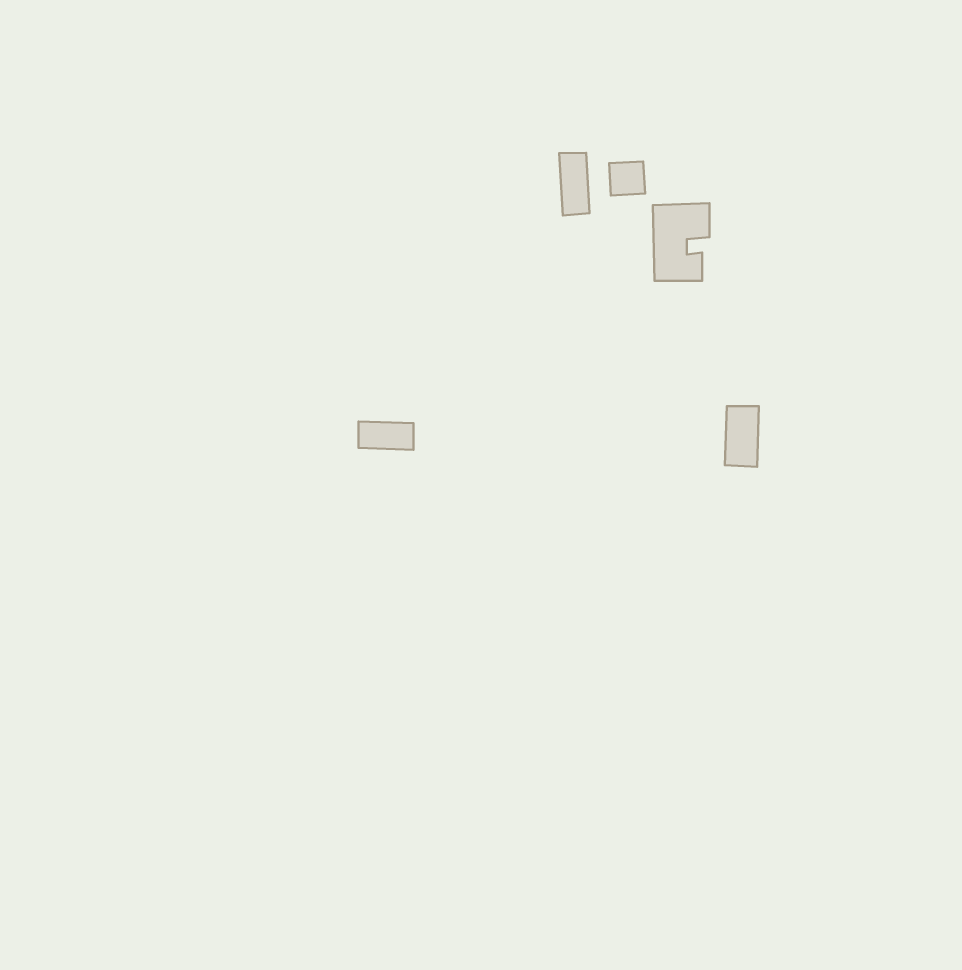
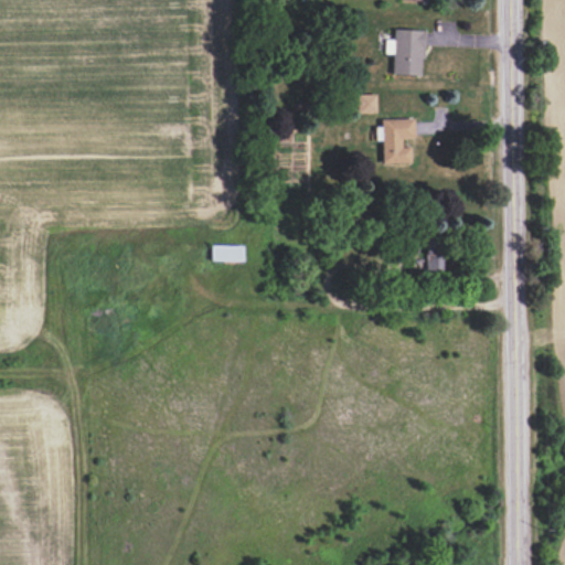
building: none -> [387,30,426,75]
building: [559,153,590,215] -> none

